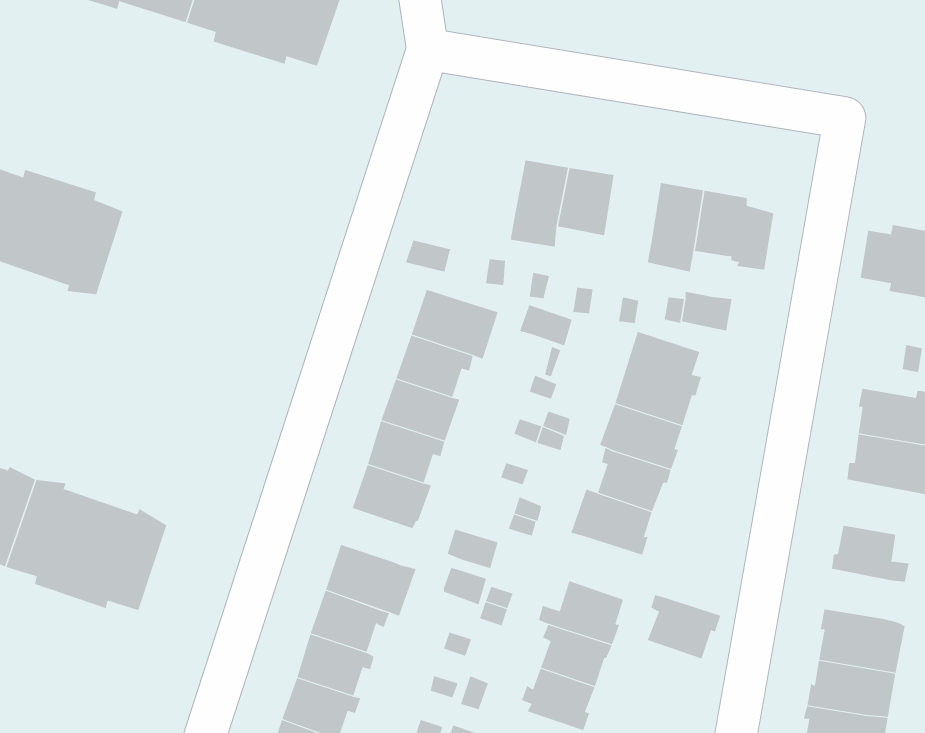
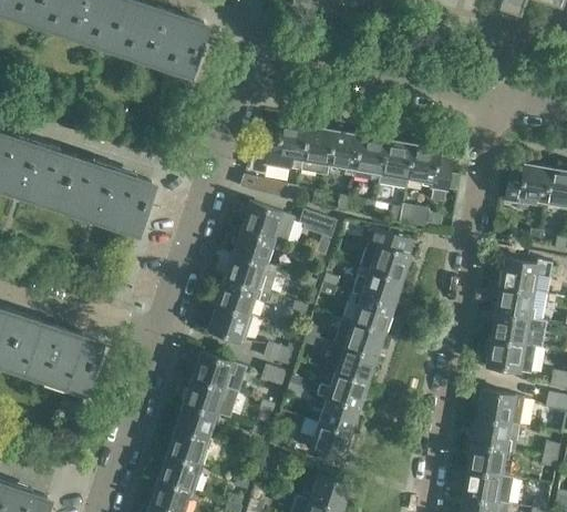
building: none -> [265,123,308,172]
building: none -> [352,137,386,184]
building: none -> [59,158,152,233]
building: none -> [493,315,529,347]
building: [647,595,721,659] -> [333,347,377,385]

